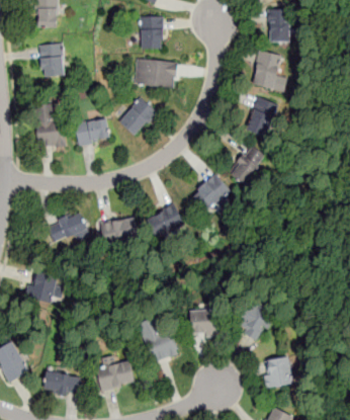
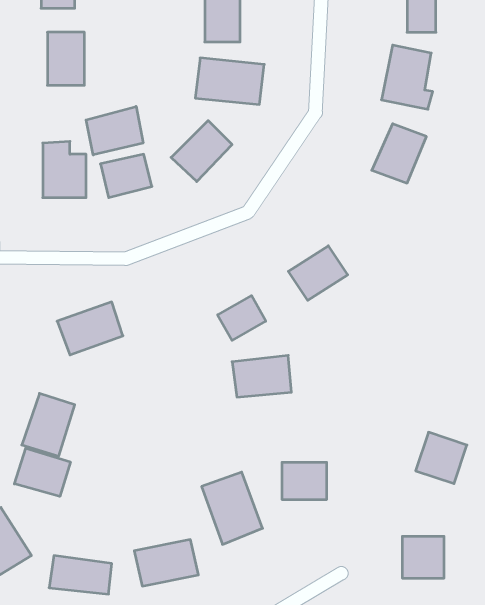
building: none -> [86,106,143,155]
building: [228,145,266,185] -> none
building: [100,219,138,245] -> [232,355,291,397]
building: none -> [14,448,70,496]
building: [235,307,267,339] -> [416,432,467,484]

